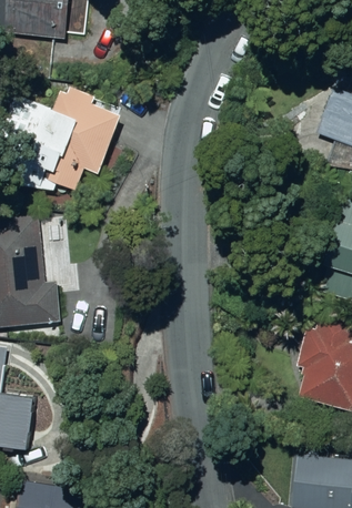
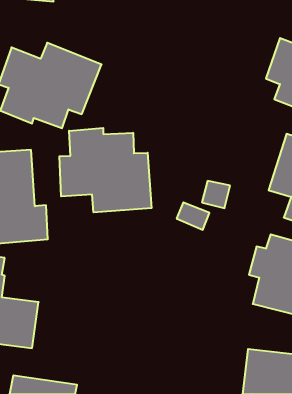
building: none -> [59,128,152,212]

